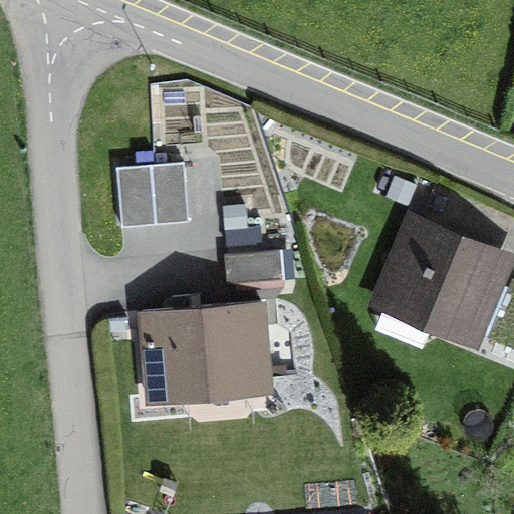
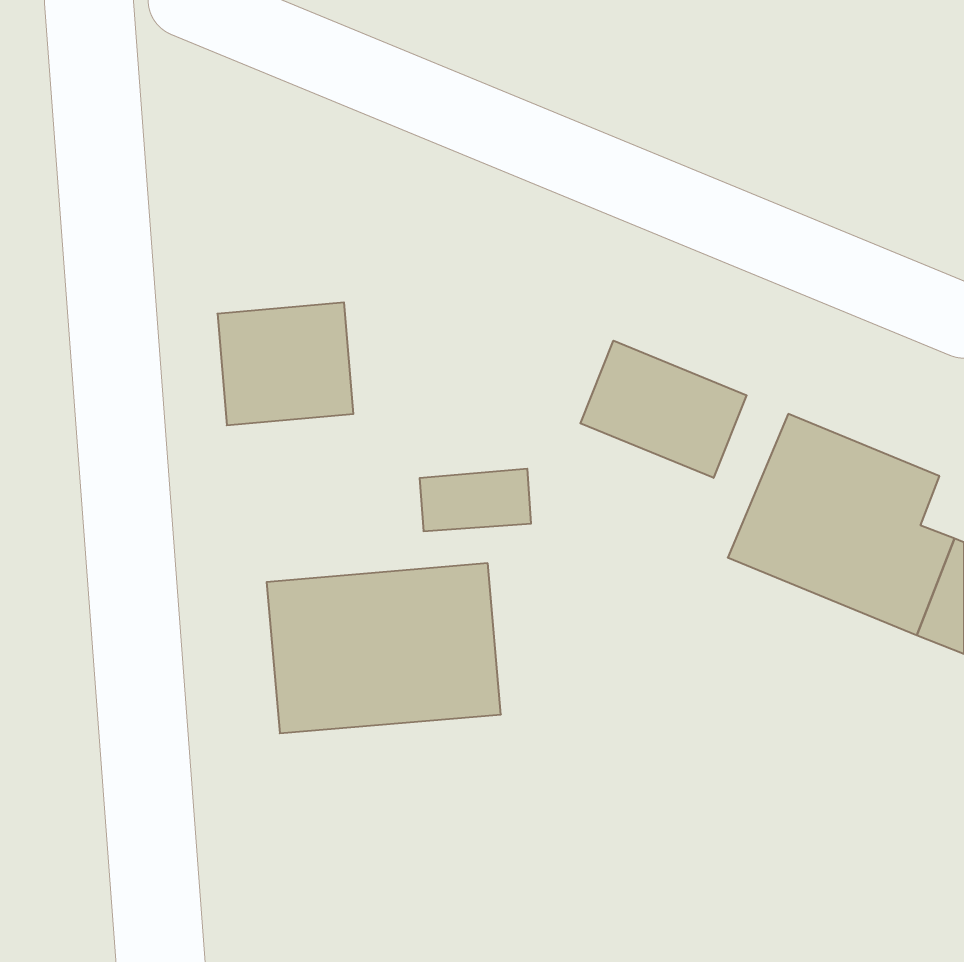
building: none -> [580,341,747,478]

